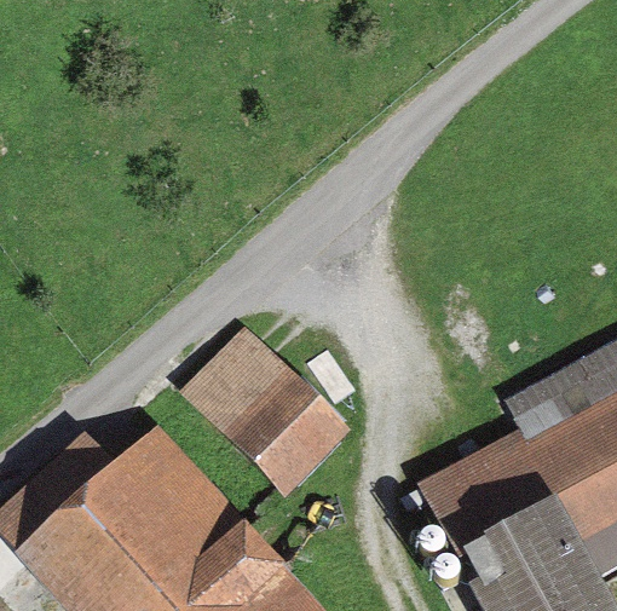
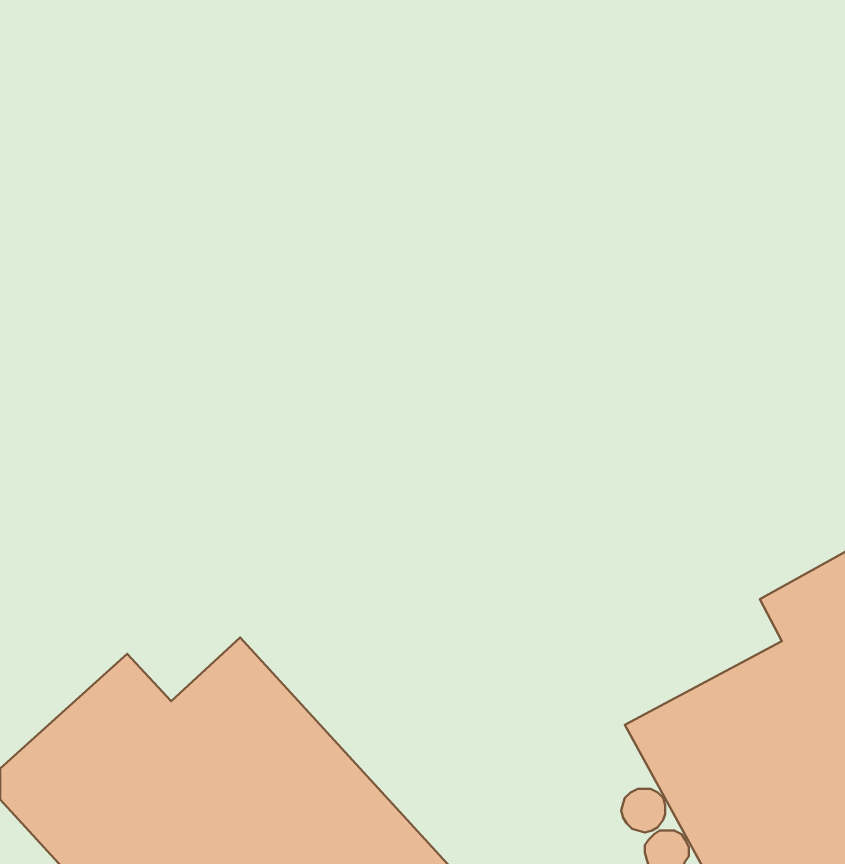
building: [181,327,353,496] -> none

